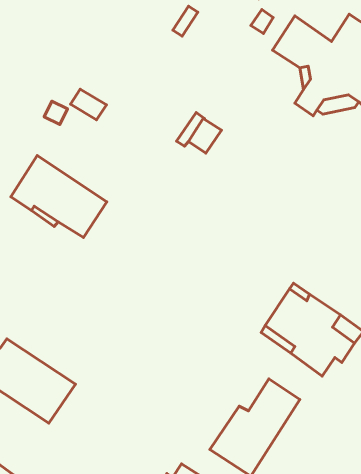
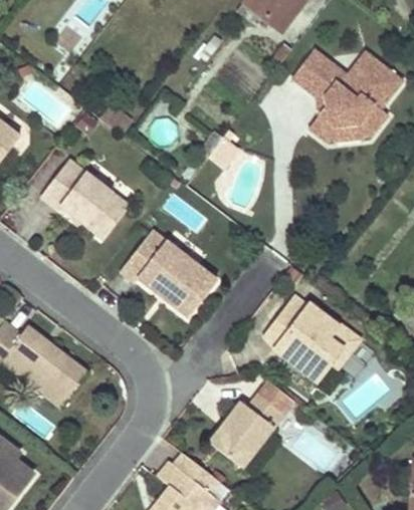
building: none -> [123,231,216,315]

